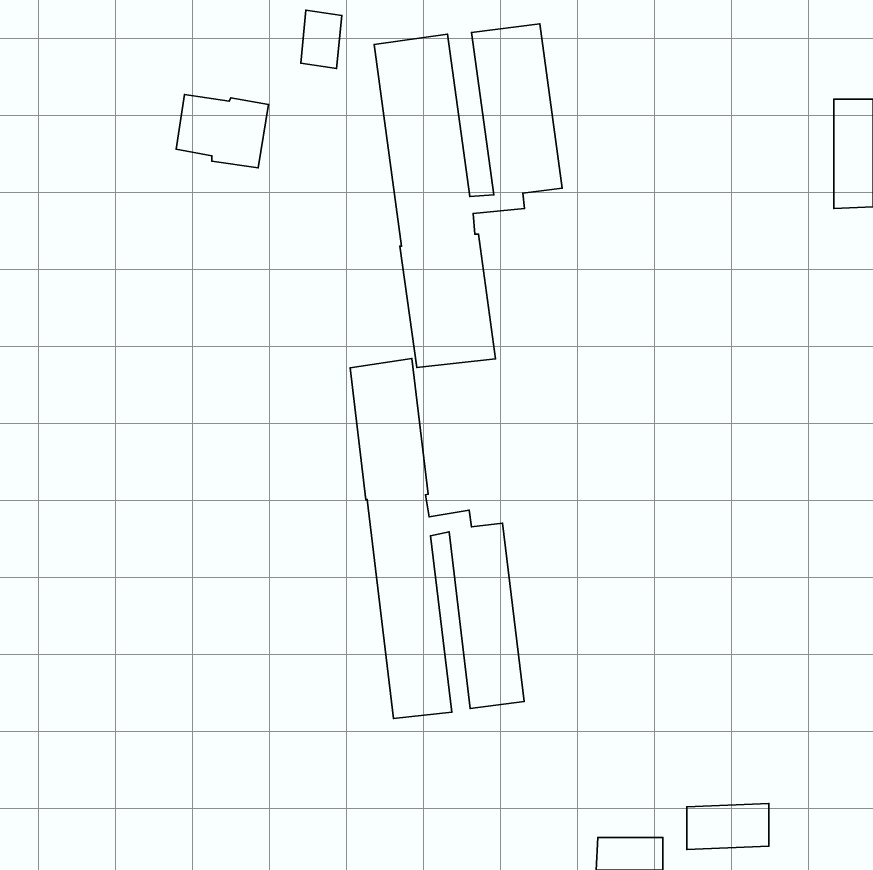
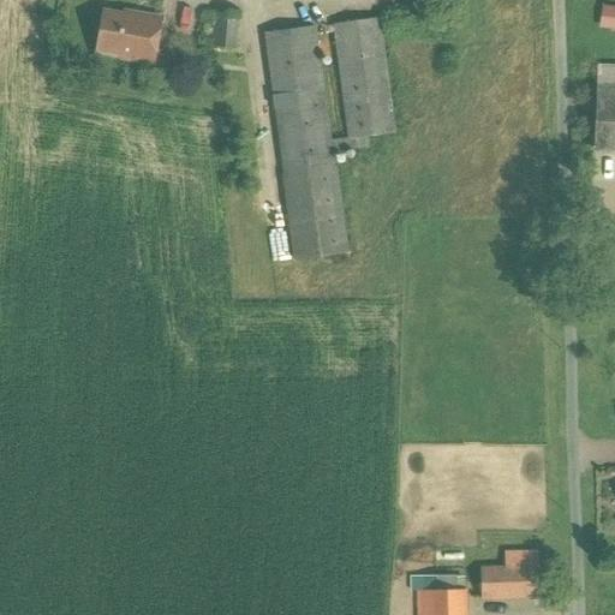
building: [176,94,268,168] -> [96,10,161,61]
building: [350,358,524,719] -> none

